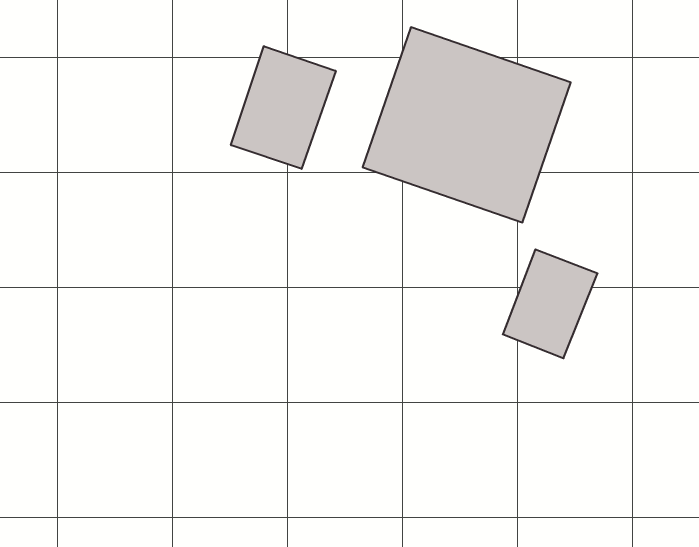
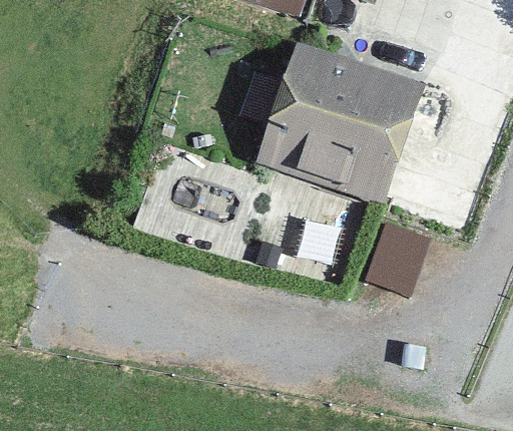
building: [231,46,336,169] -> none

